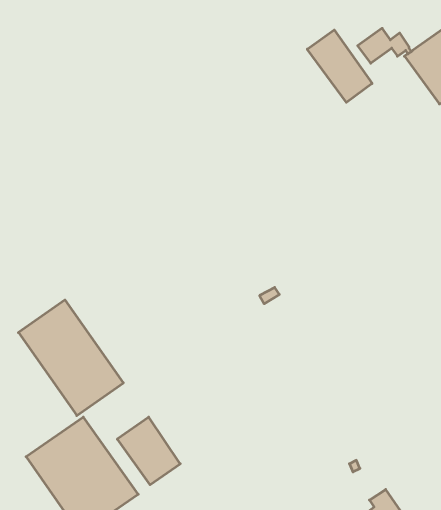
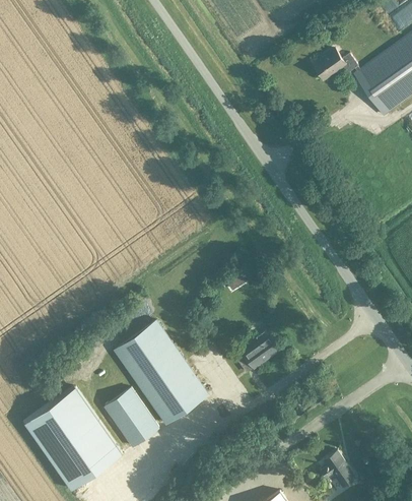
building: [307,30,372,102] -> none
building: [18,300,123,416] -> [115,321,206,422]
building: none -> [232,331,279,369]

